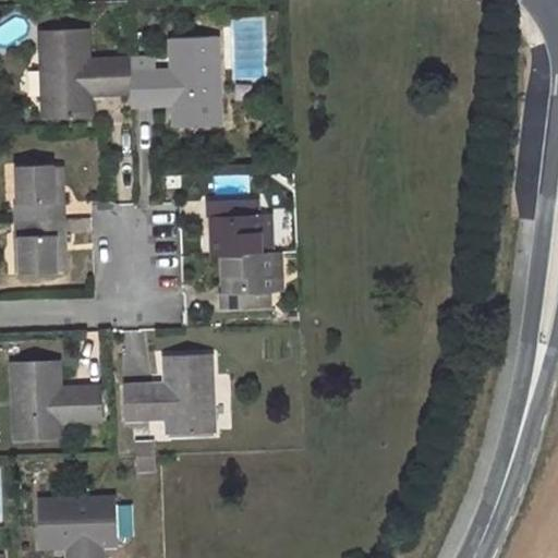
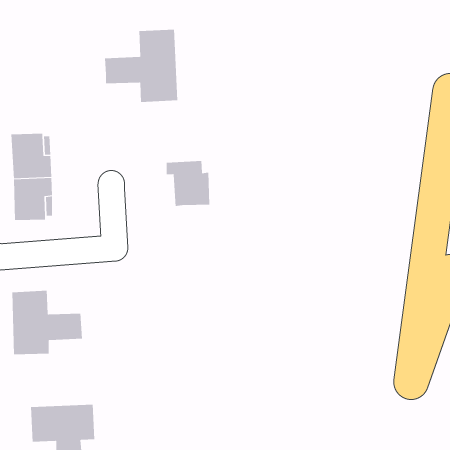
building: [40,29,130,120] -> none
building: [217,253,270,308] -> none
building: [123,354,211,435] -> none

